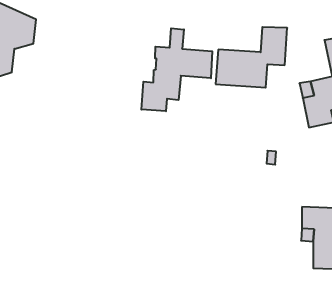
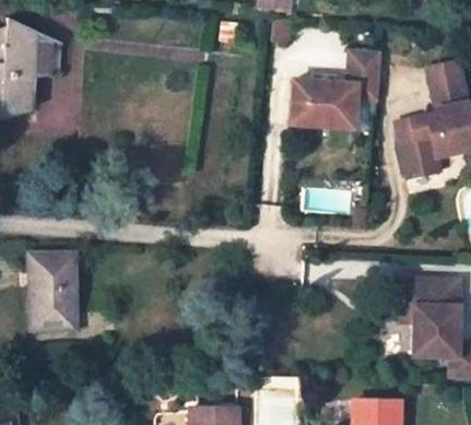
building: [141,28,212,111] -> none
building: none -> [30,251,76,330]

